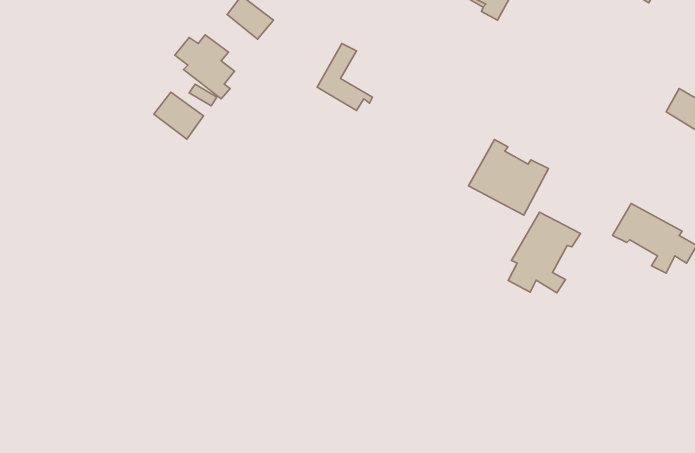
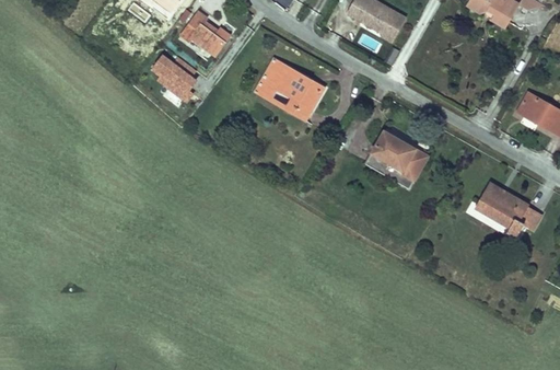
building: none -> [272,63,326,120]
building: [154,92,203,139] -> none
building: [508,212,580,293] -> none

